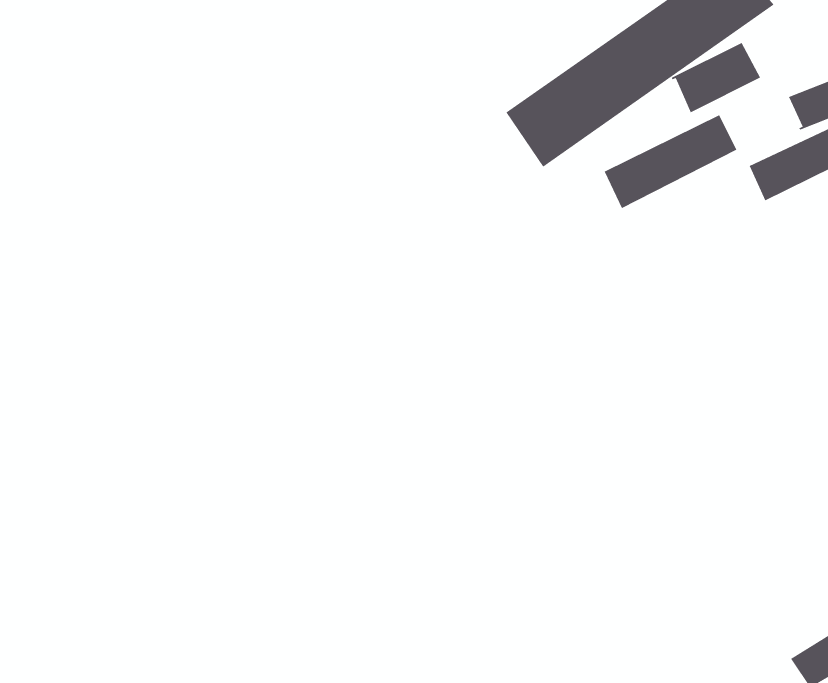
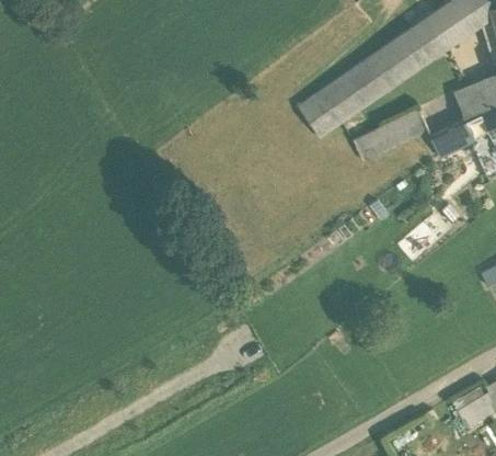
building: [671,42,761,113] -> none

